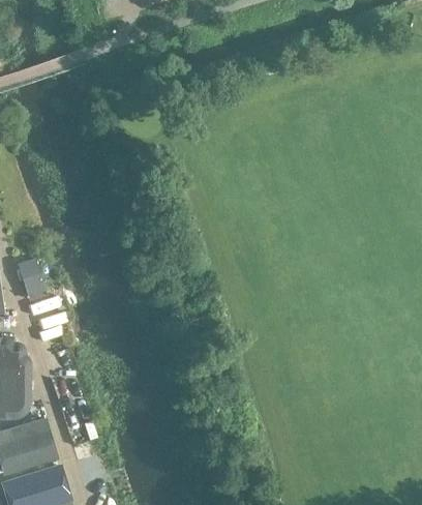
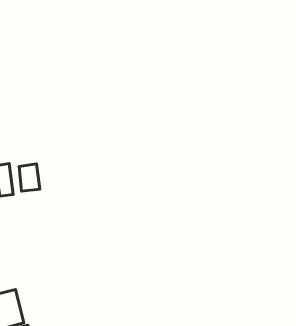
building: none -> [19,164,40,191]

